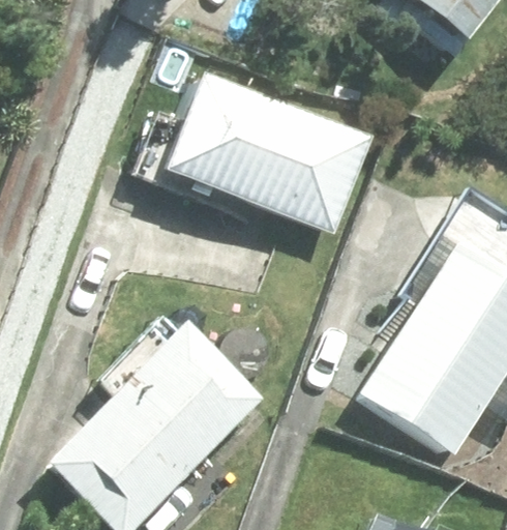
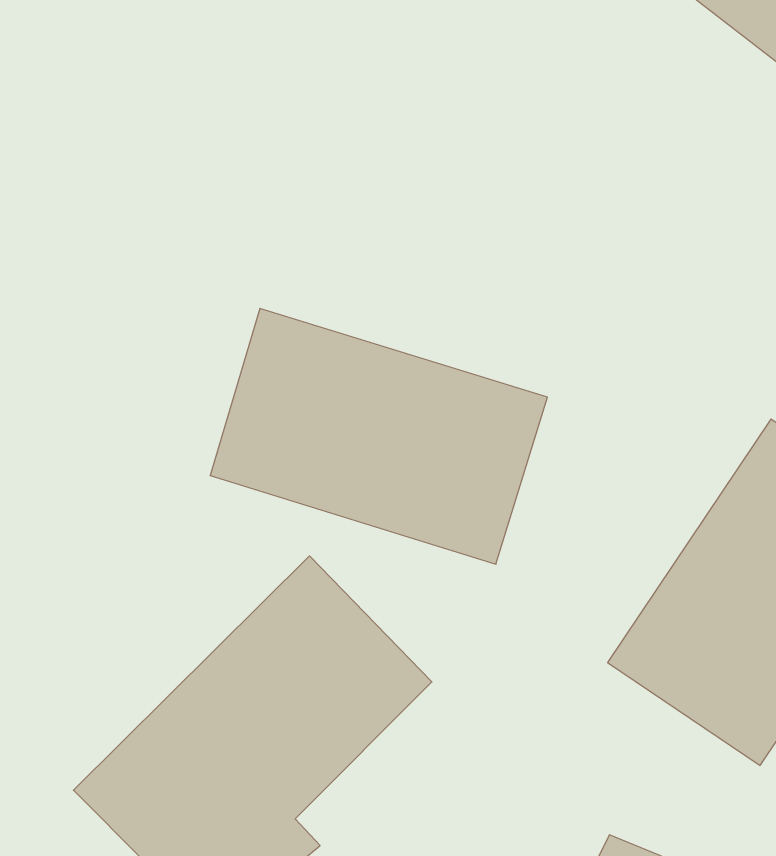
building: [168,87,364,236] -> [210,308,547,564]

